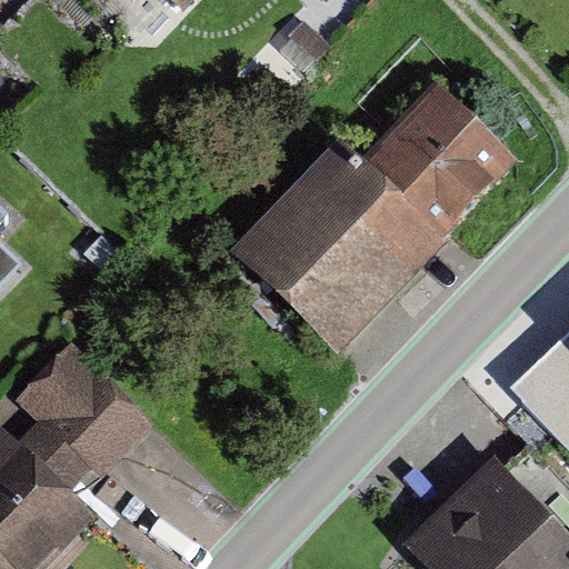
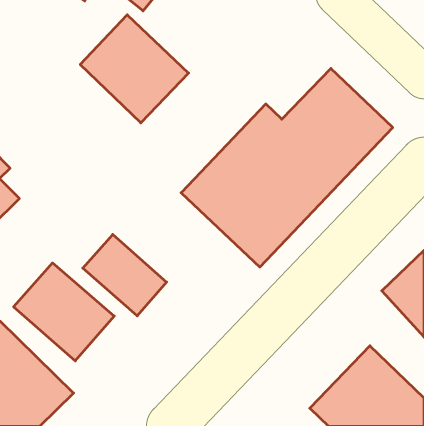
building: none -> [80,15,189,123]
building: none -> [83,234,167,316]

